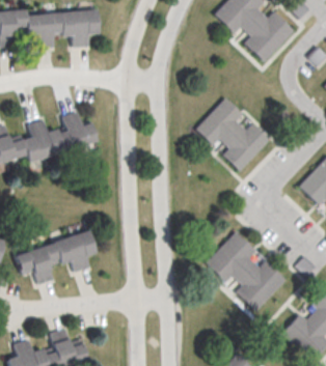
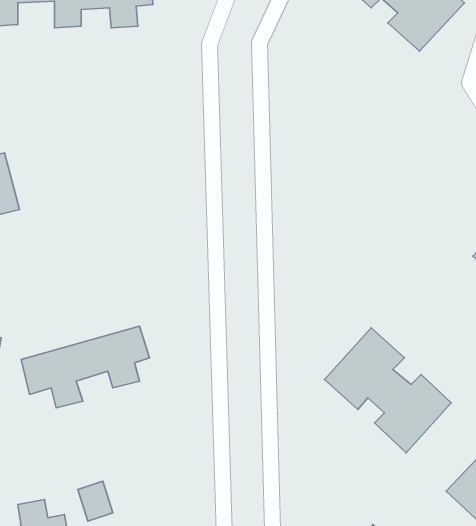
building: [192,96,271,173] -> none
building: [11,112,99,161] -> none

